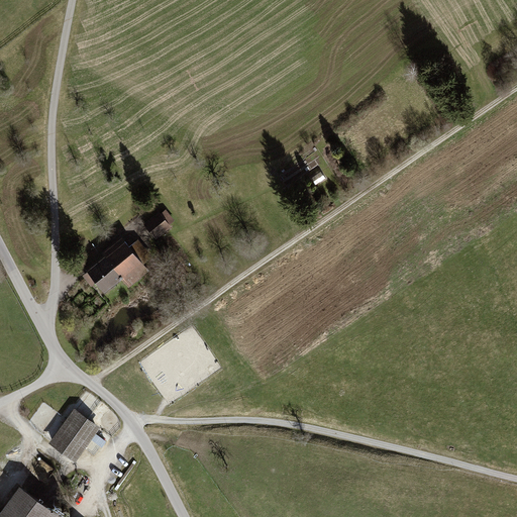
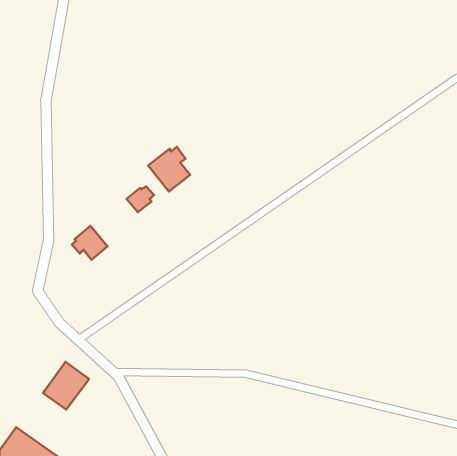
building: none -> [148,147,190,191]
building: [100,238,157,290] -> none

